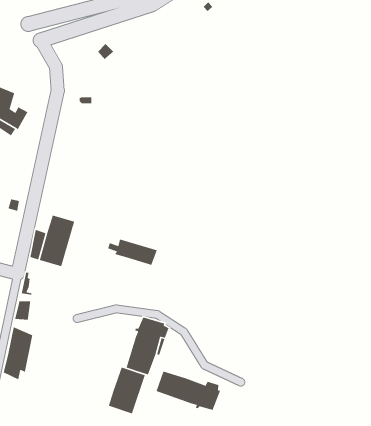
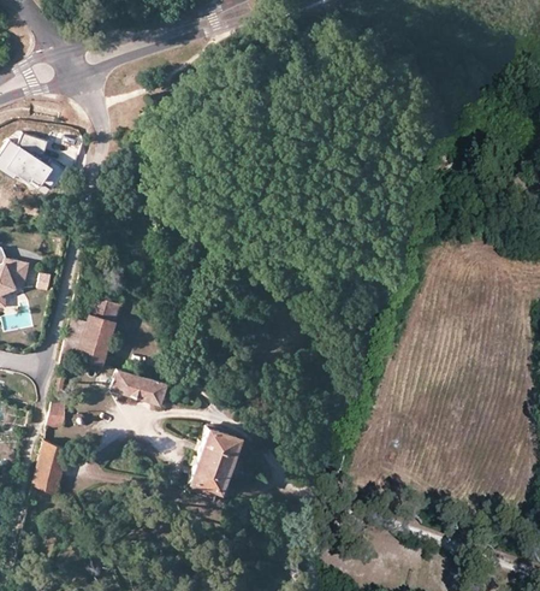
building: [107,238,158,266] -> [105,370,168,404]
building: [108,367,146,415] -> none
building: [156,370,221,411] -> none

